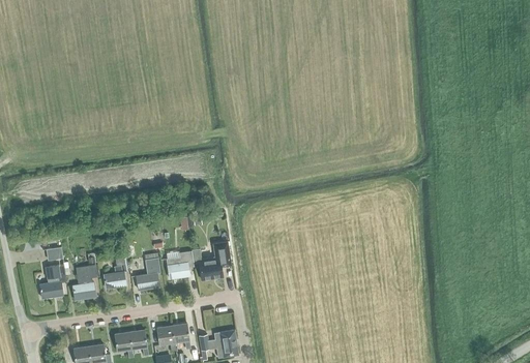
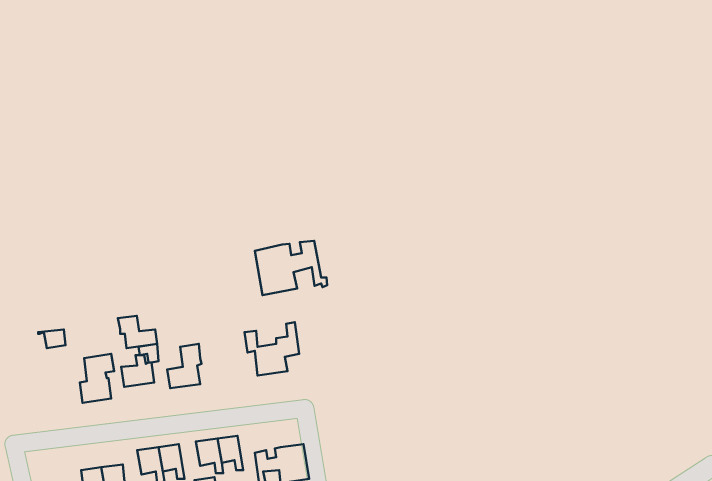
building: none -> [255,241,327,295]
building: none -> [118,316,157,348]
building: [167,251,194,278] -> none
building: [39,265,66,299] -> none

